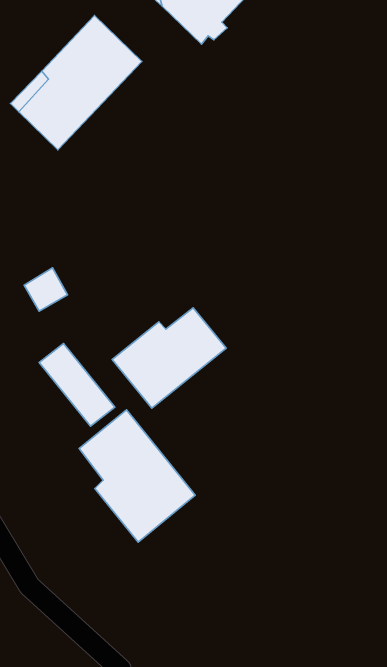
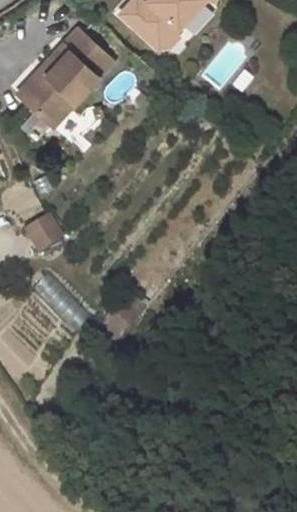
building: [112,308,226,408] -> none
building: [79,410,195,542] -> none

